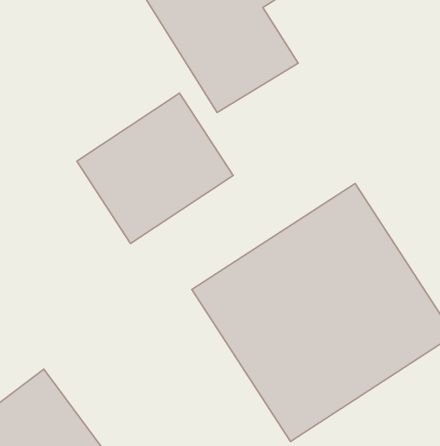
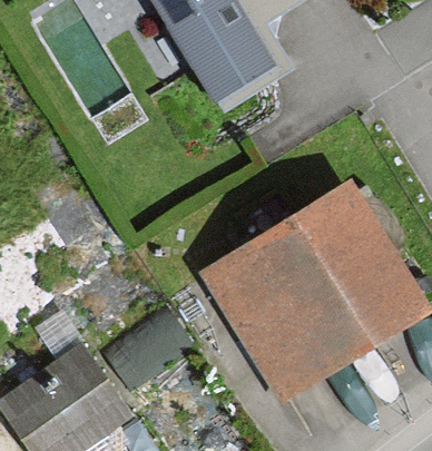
building: [77,93,233,243] -> none

